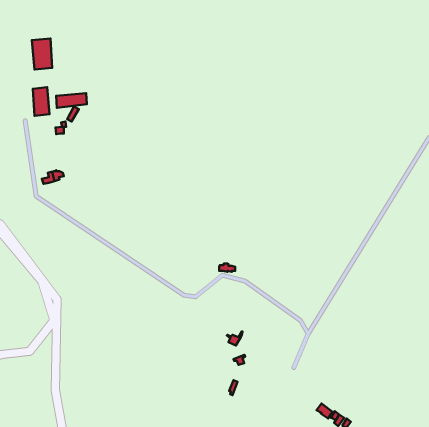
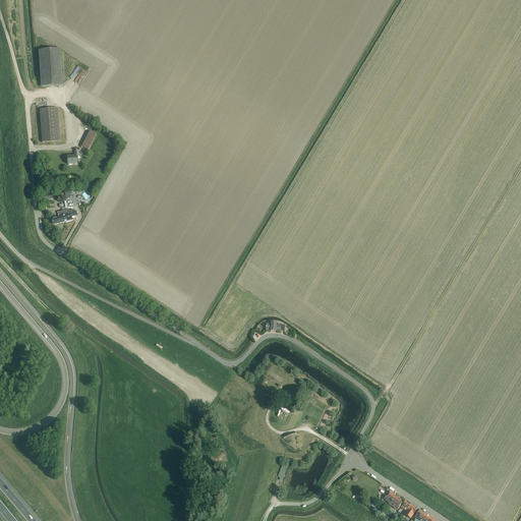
building: [56,93,87,108] -> none

